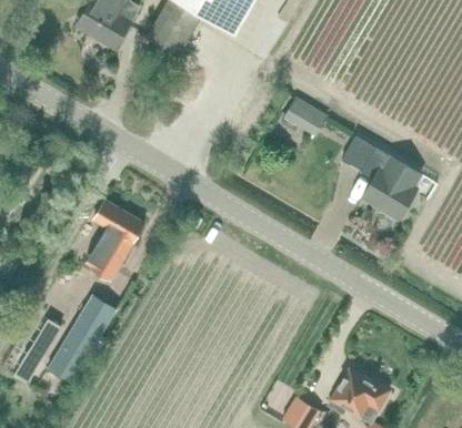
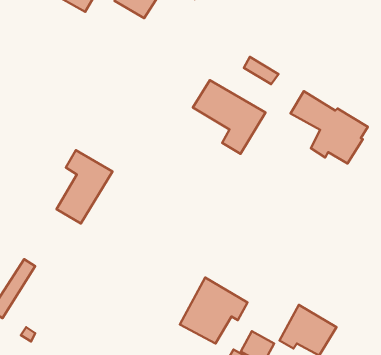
building: none -> [193,80,266,154]
building: [47,293,118,385] -> none
building: none -> [180,277,248,343]

